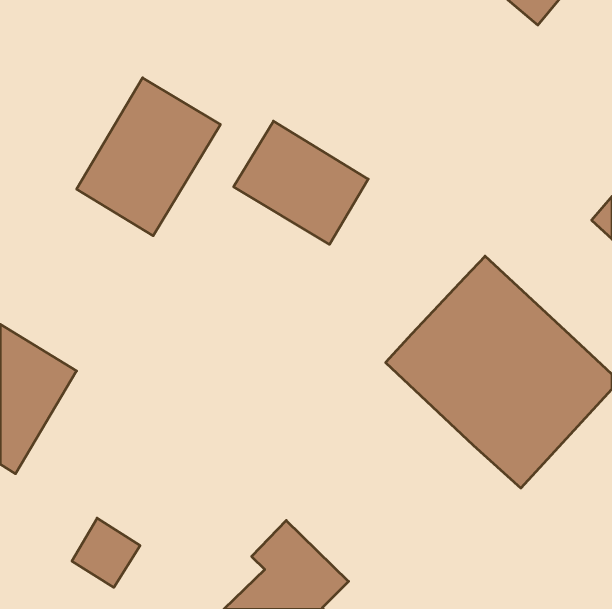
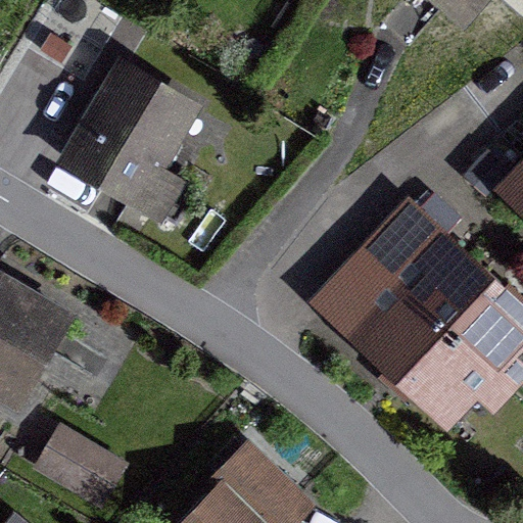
building: [234,121,368,244] -> none

